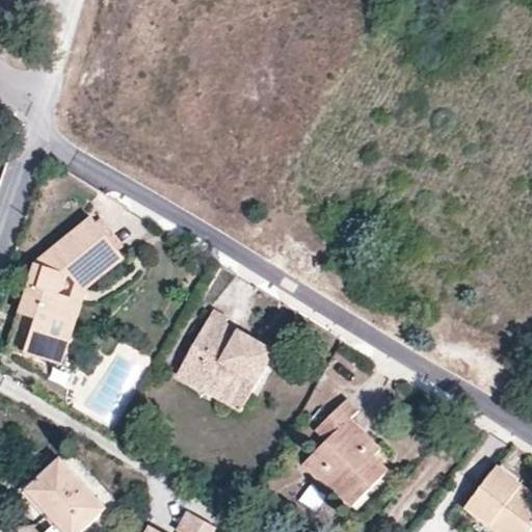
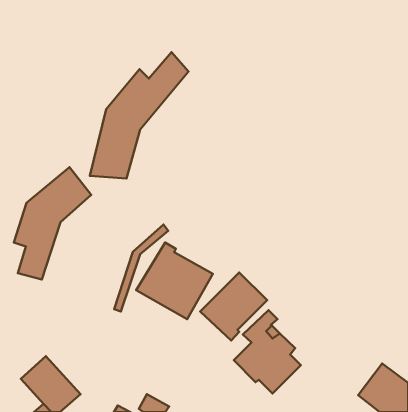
building: none -> [90,52,189,178]
building: [54,250,124,363] -> [114,224,168,312]
building: none -> [200,272,267,340]

